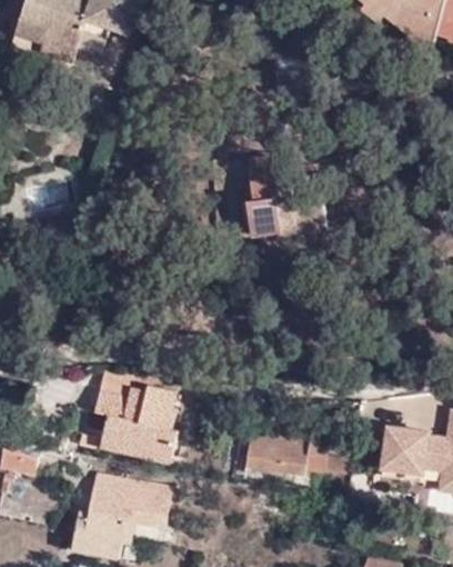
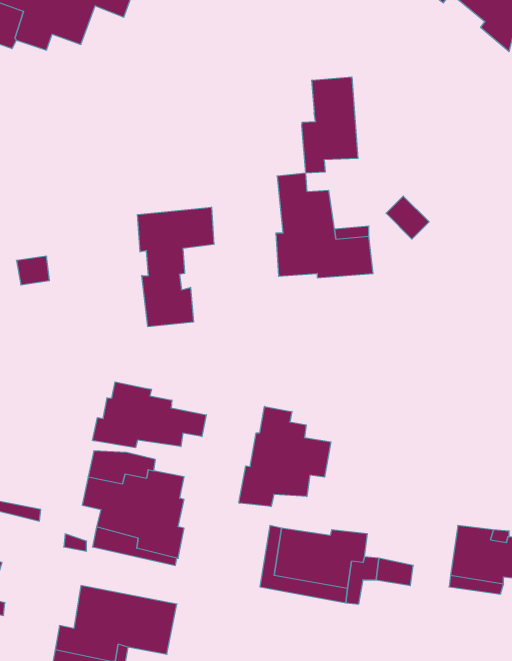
building: none -> [302,77,358,173]
building: none -> [137,207,214,327]
building: none -> [92,382,206,448]
building: none -> [239,406,331,507]

